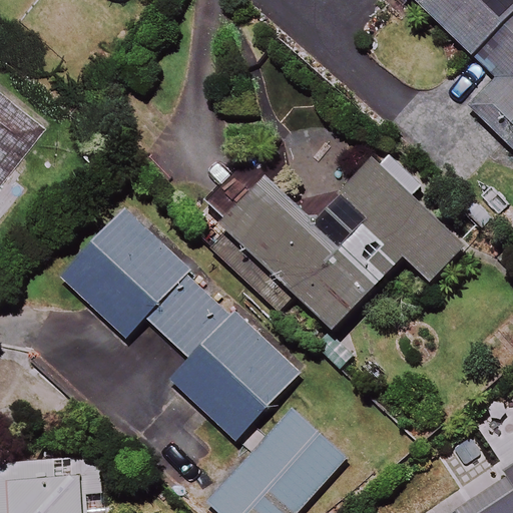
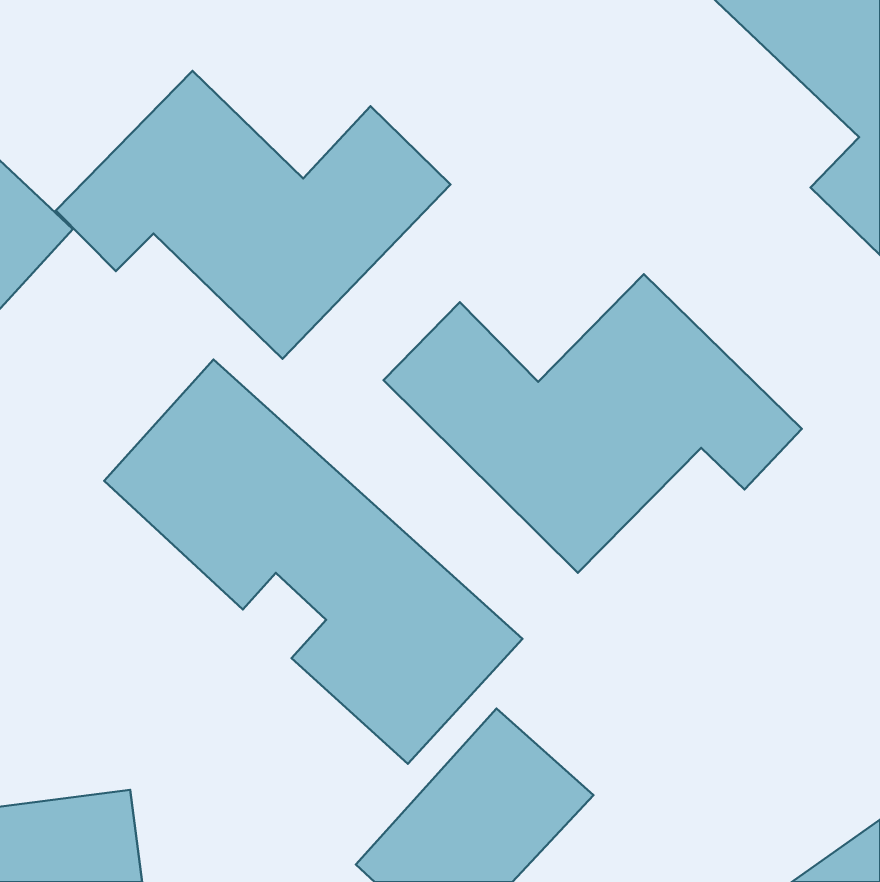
building: none -> [56,71,450,359]

